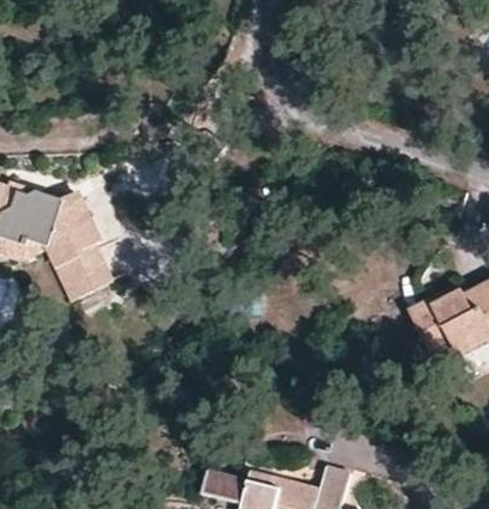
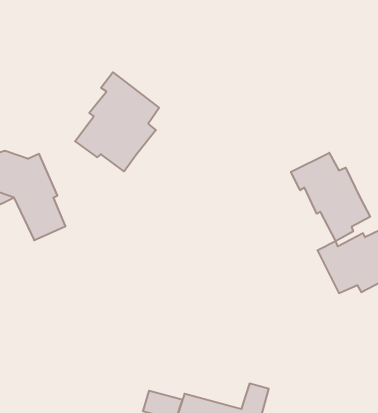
building: none -> [75,72,159,171]
building: none -> [291,153,370,241]

